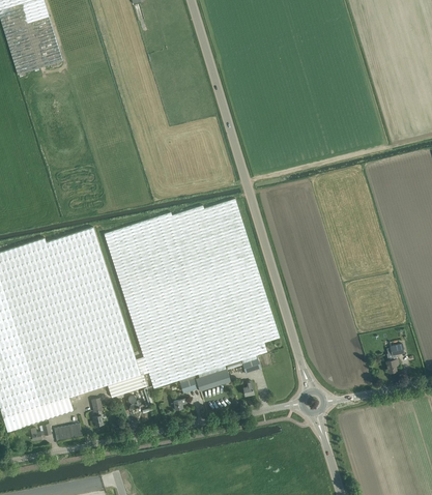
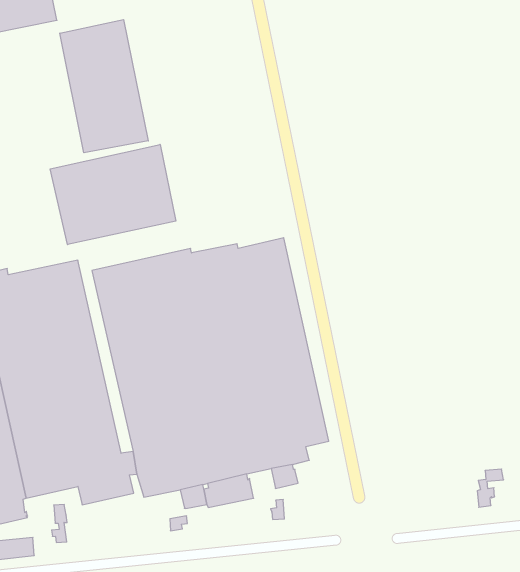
building: none -> [60,20,148,153]
building: none -> [50,144,176,245]

